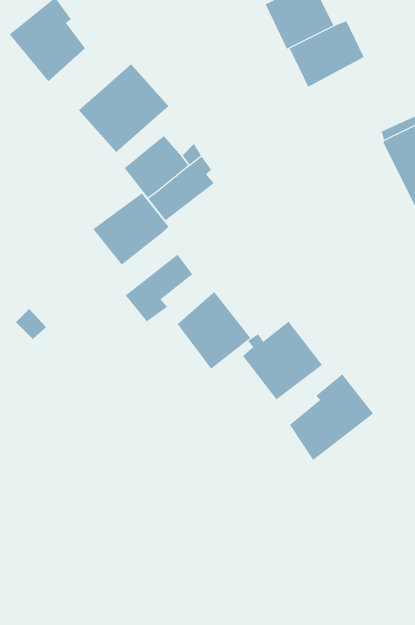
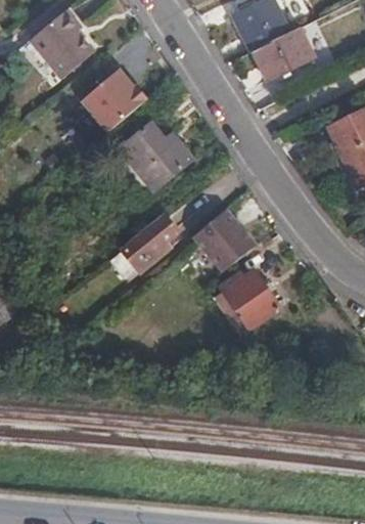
building: [93,193,169,265] -> none
building: [177,291,251,370] -> [193,208,254,271]
building: [289,373,374,461] -> none

